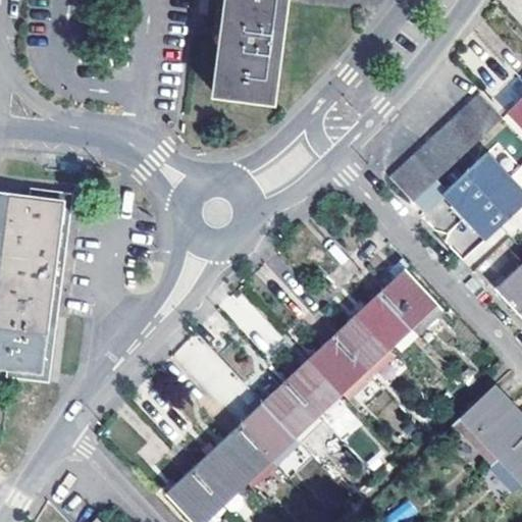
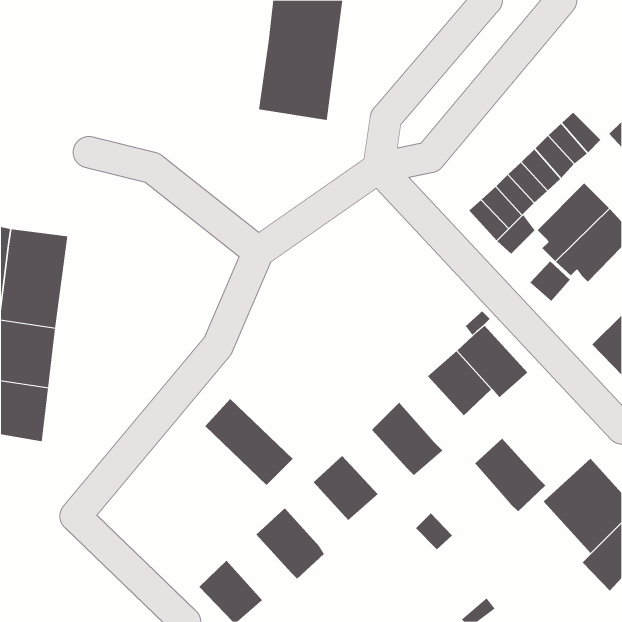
building: [334,315,395,377] -> [474,438,546,512]
building: [286,360,341,414] -> none
building: [239,404,292,458] -> none
building: [190,448,244,503] -> none

